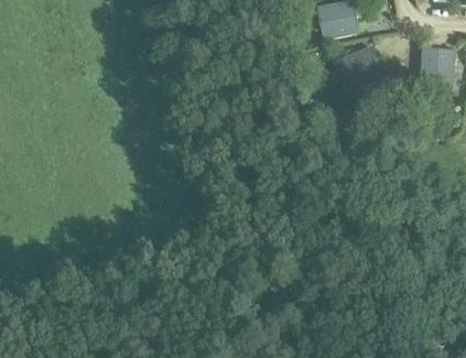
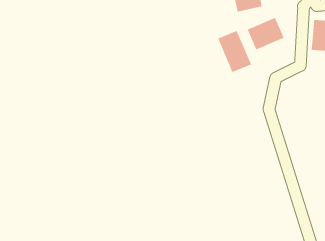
building: none -> [217,30,252,73]

